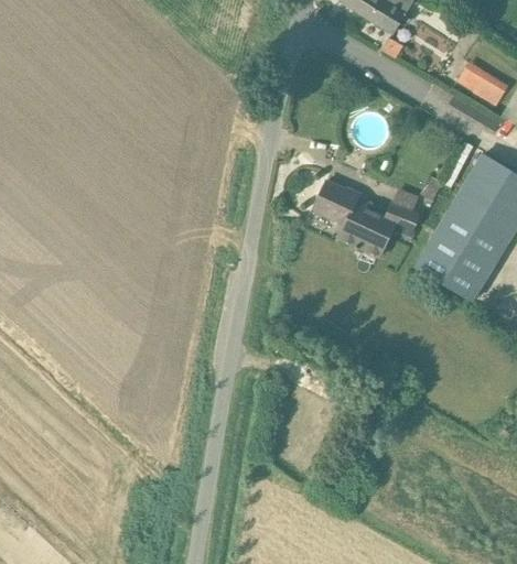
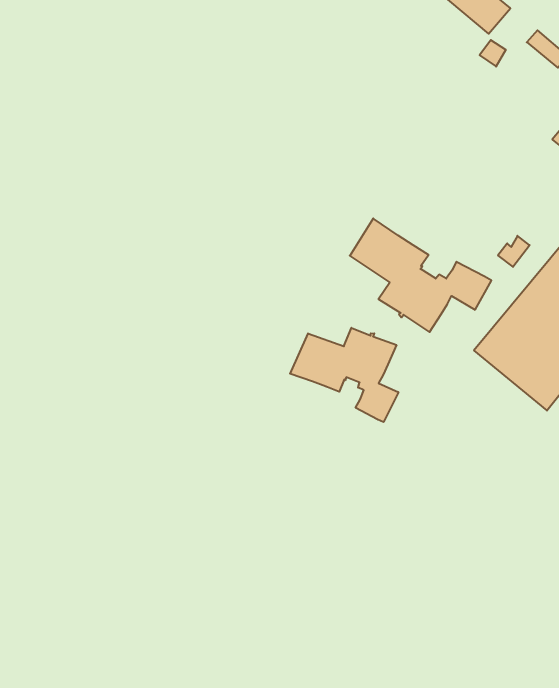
building: none -> [290,328,398,422]

